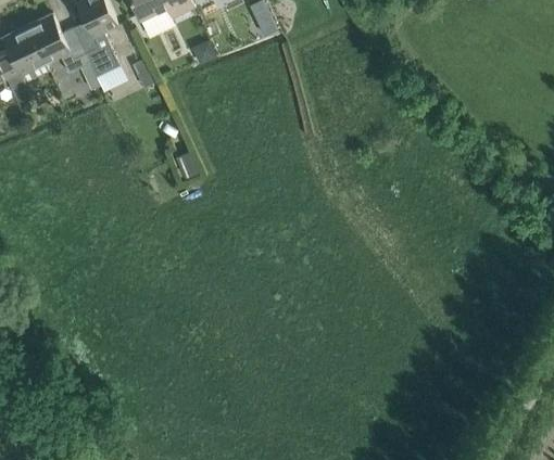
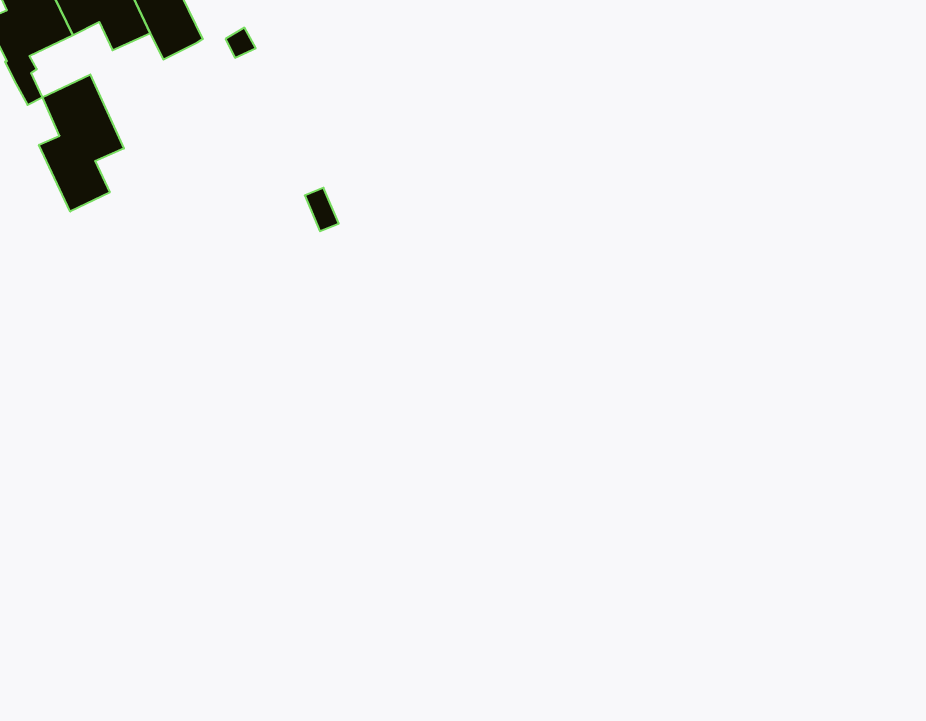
building: none -> [39,74,124,212]

